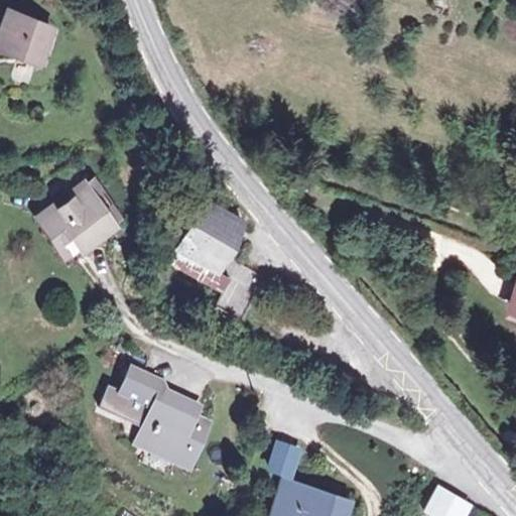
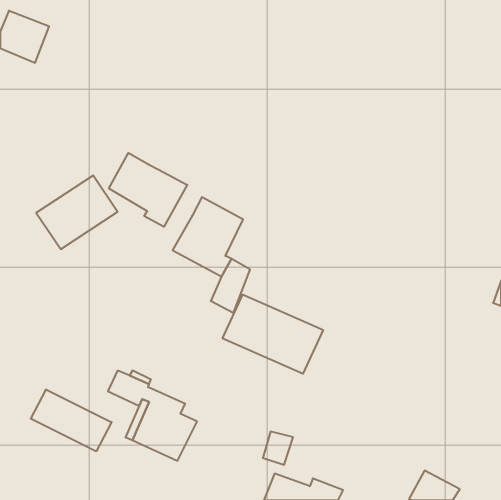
building: none -> [109,153,187,227]
building: none -> [223,295,323,374]
building: none -> [31,389,112,451]

